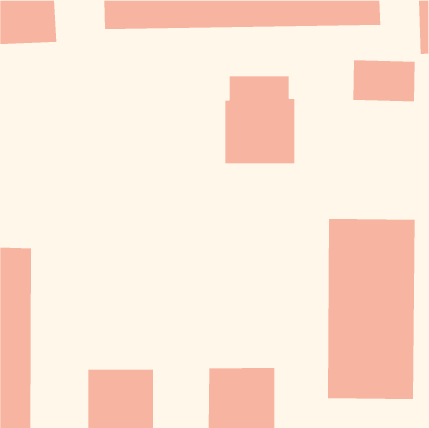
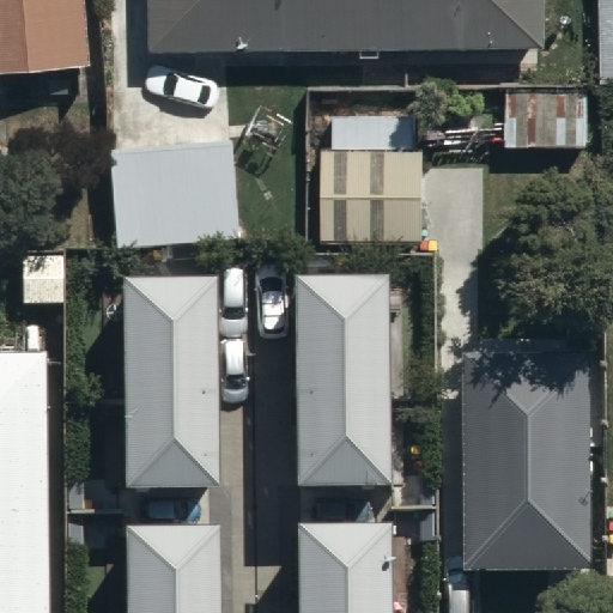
building: none -> [105,140,237,248]
building: none -> [297,277,393,488]
building: none -> [122,279,218,491]

